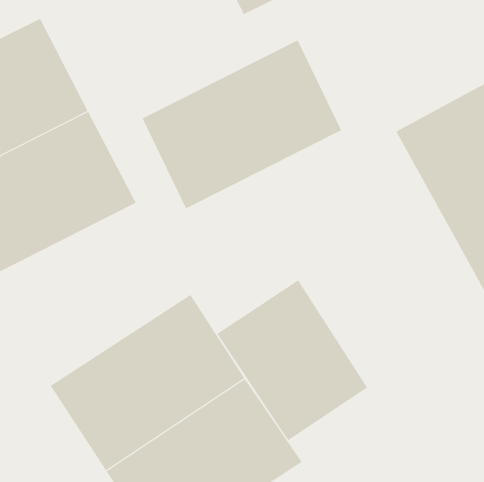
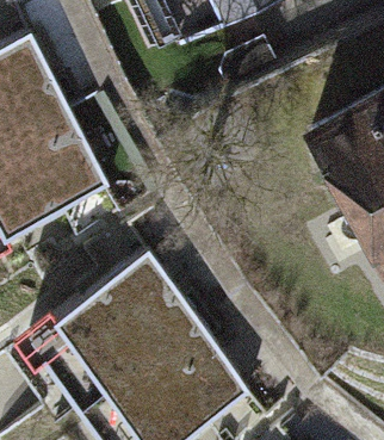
building: [142,39,342,209] -> none
building: [217,280,368,441] -> none

